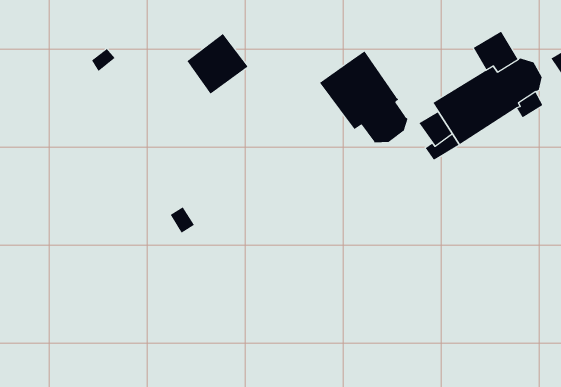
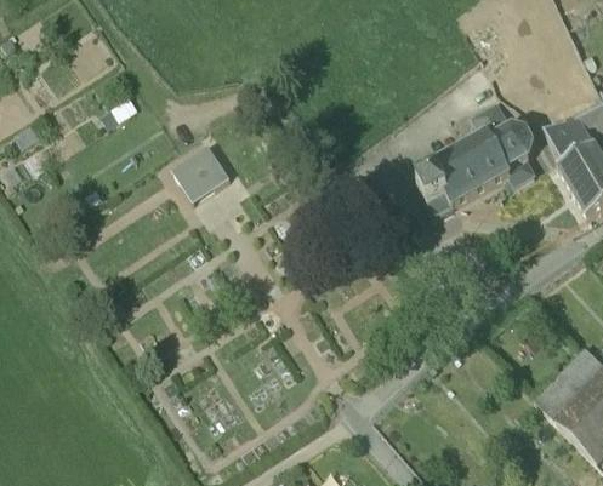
building: [186,33,248,94] -> [172,144,231,201]
building: [319,50,408,143] -> none

